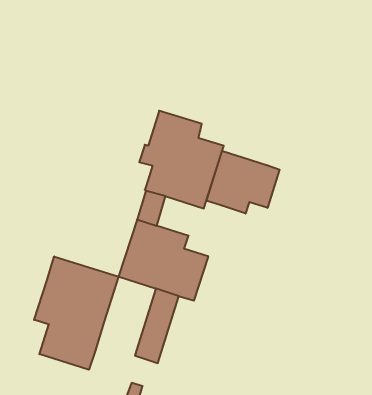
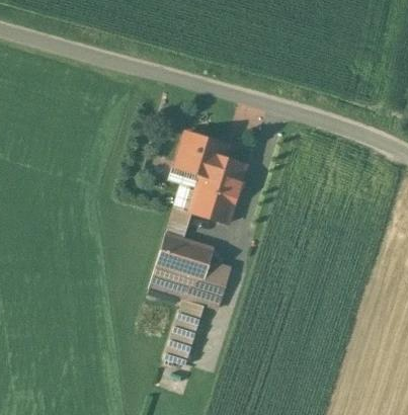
building: [206,151,280,214] -> none
building: [34,256,118,370] -> none

